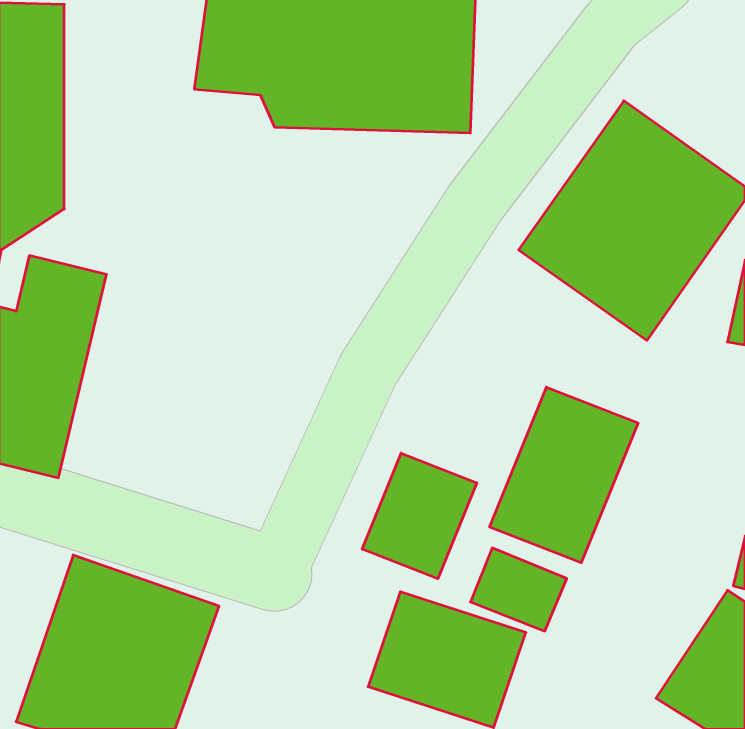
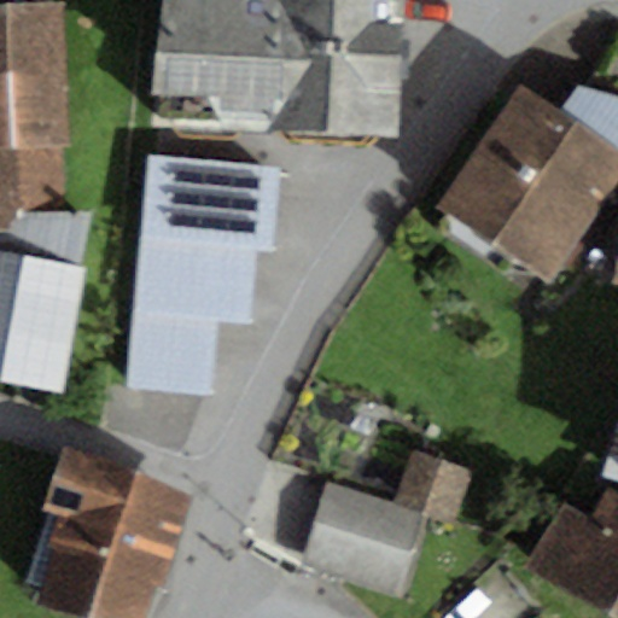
building: none -> [134,148,279,395]
building: [490,387,638,563] -> none
building: [362,453,477,579] -> none

